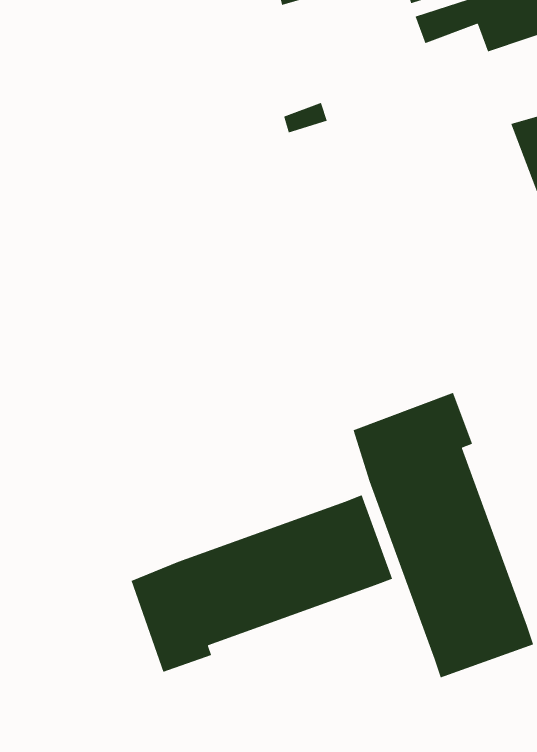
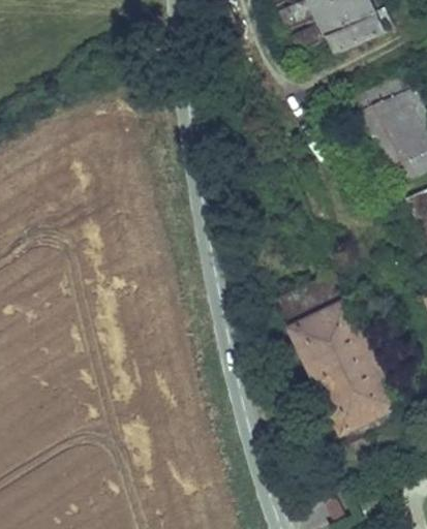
building: [131,494,393,673] -> none

